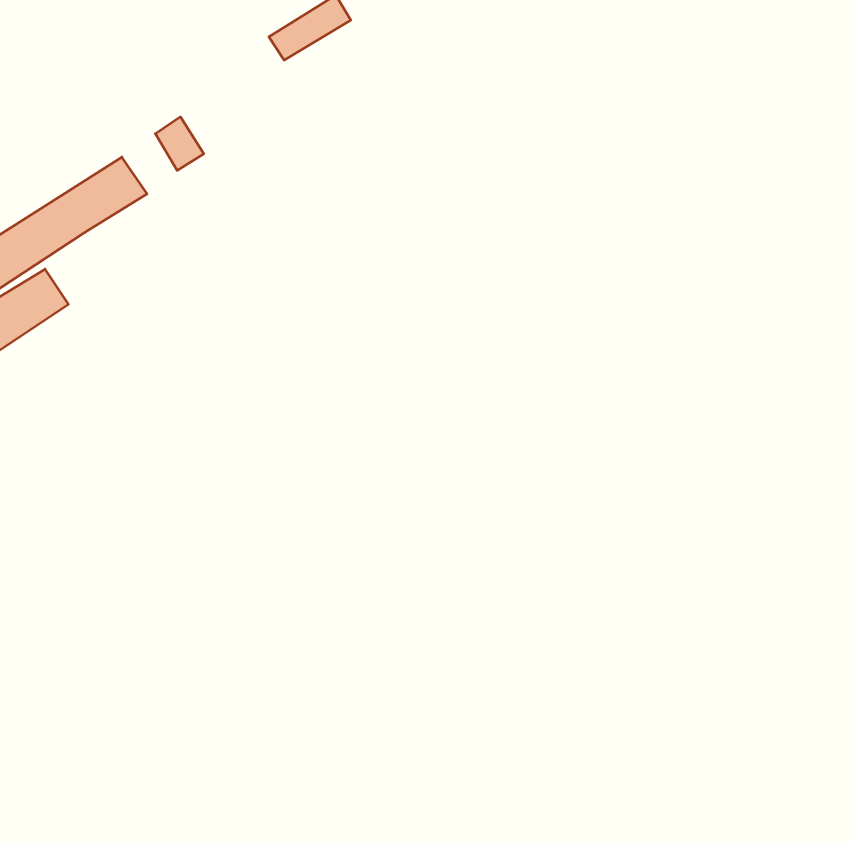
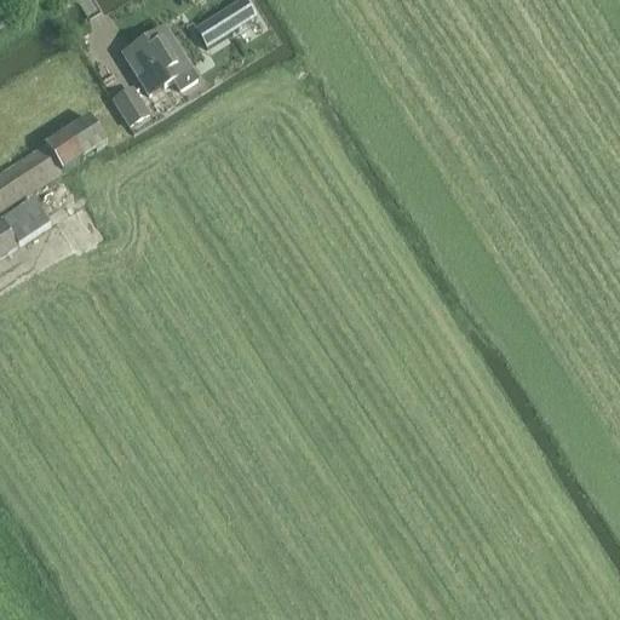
building: none -> [124,25,195,93]

